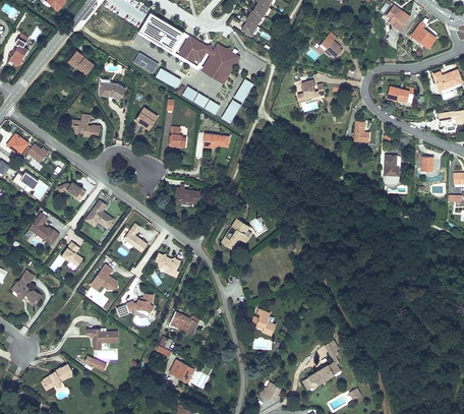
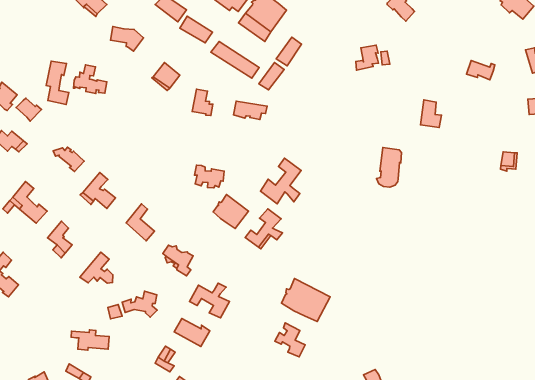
building: none -> [46,61,69,105]
building: [383,155,401,186] -> [377,147,402,187]
building: none -> [260,158,301,204]
building: none -> [213,195,248,229]
building: none -> [282,278,330,321]
building: none -> [189,283,229,318]

